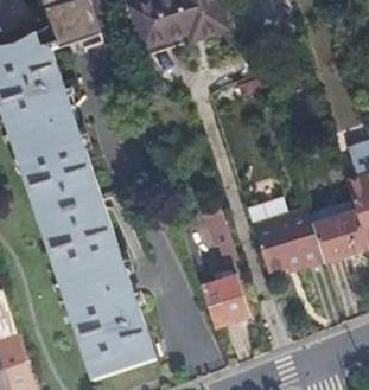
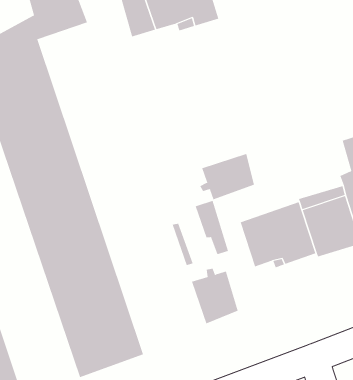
building: none -> [200,153,255,200]

